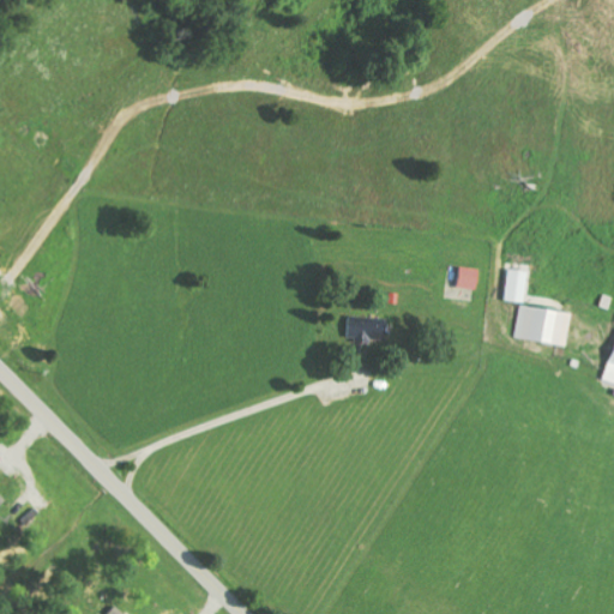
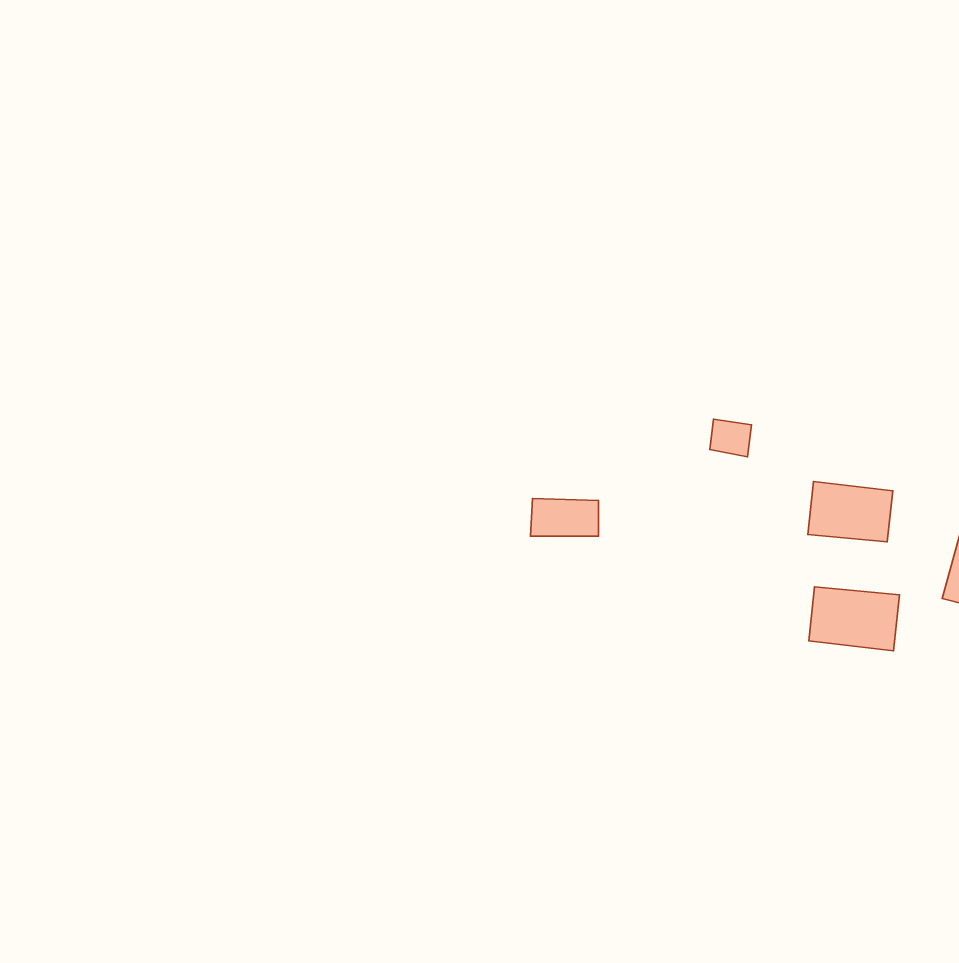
building: [505,270,525,301] -> none
building: none -> [809,587,900,651]

